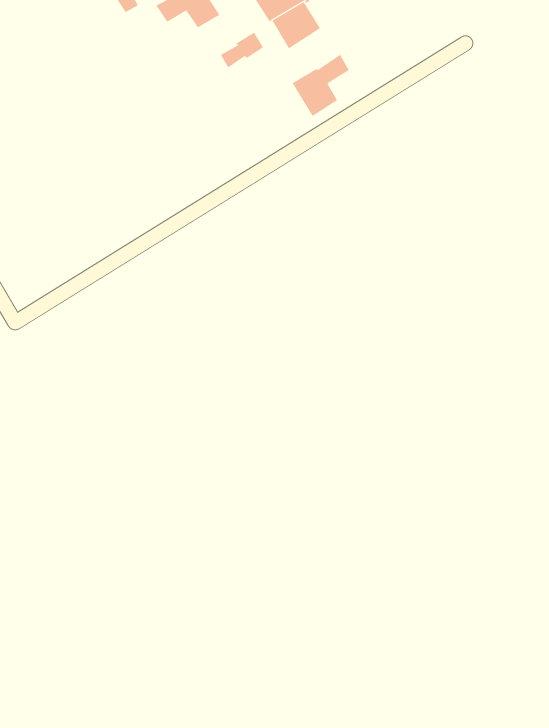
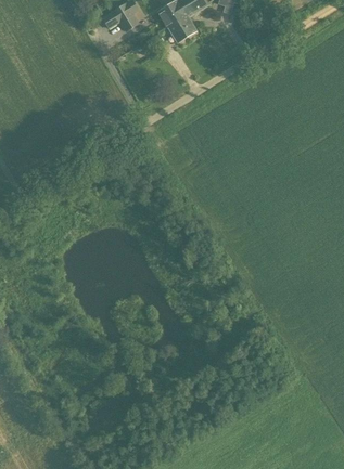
building: [292,54,350,117] -> none

